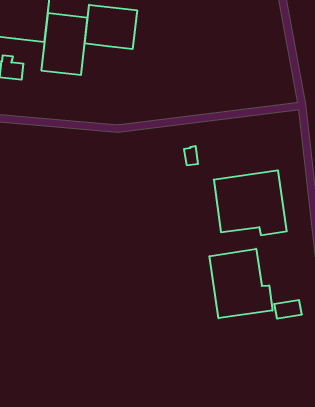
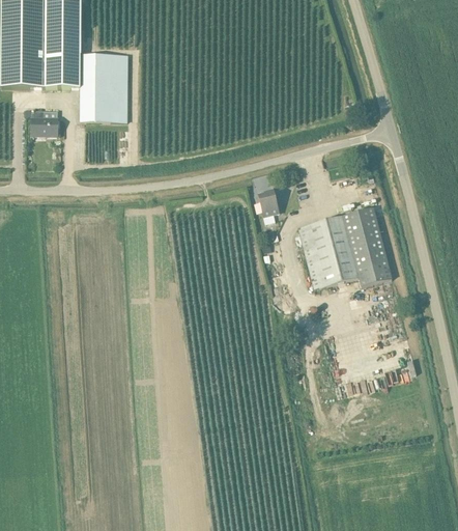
building: [85,5,137,49] -> none
building: [210,249,272,318] -> none

